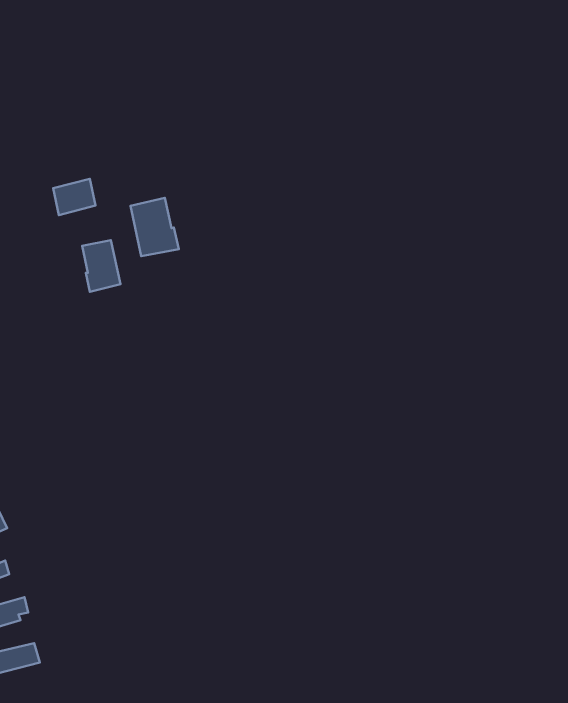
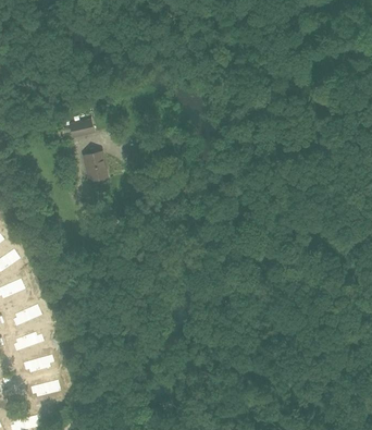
building: [130,198,179,256] -> none

